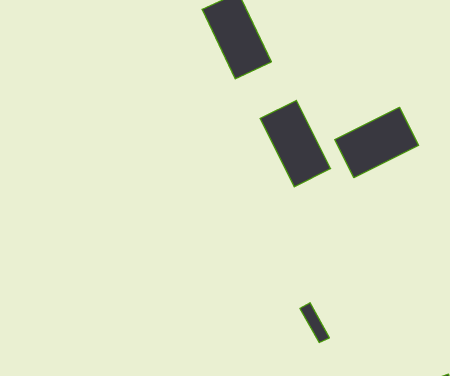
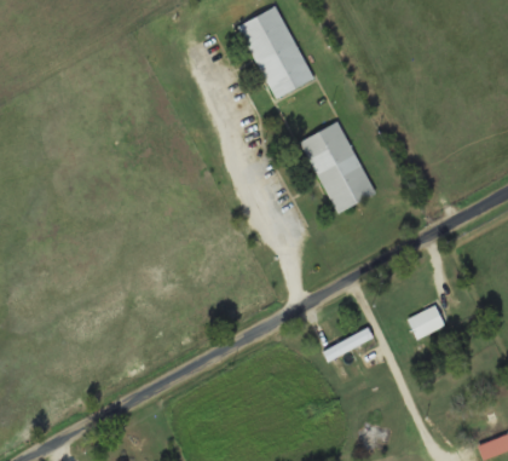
building: [335,107,418,178] -> none
building: none -> [408,307,444,339]

